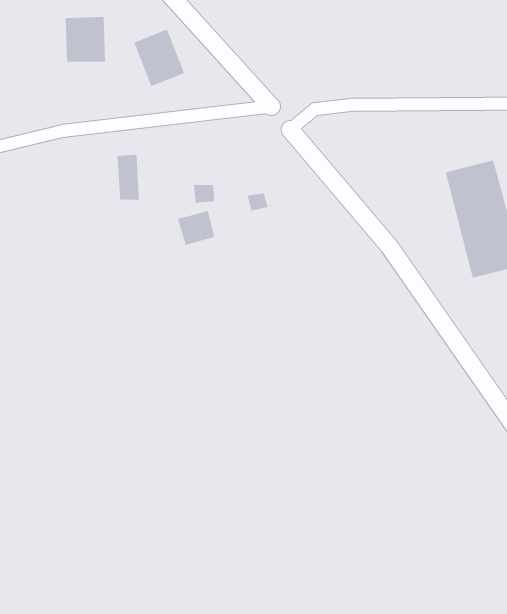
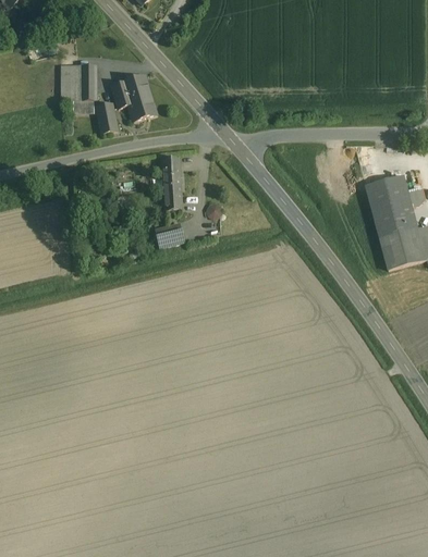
building: none -> [97,102,122,135]
building: [117,154,140,200] -> [162,159,181,196]

